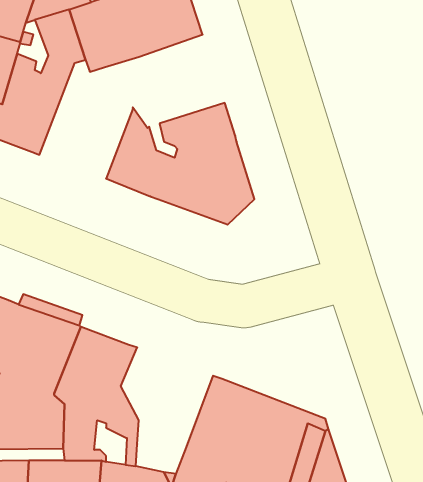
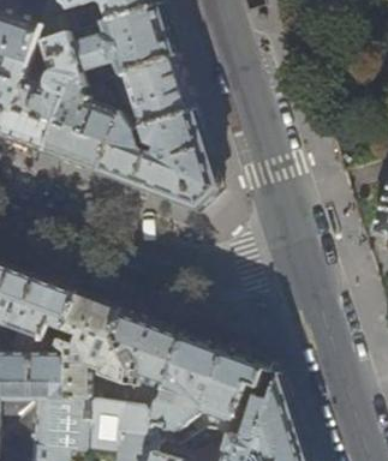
building: none -> [111,55,192,127]
building: none -> [42,76,118,172]
building: none -> [108,309,183,389]

